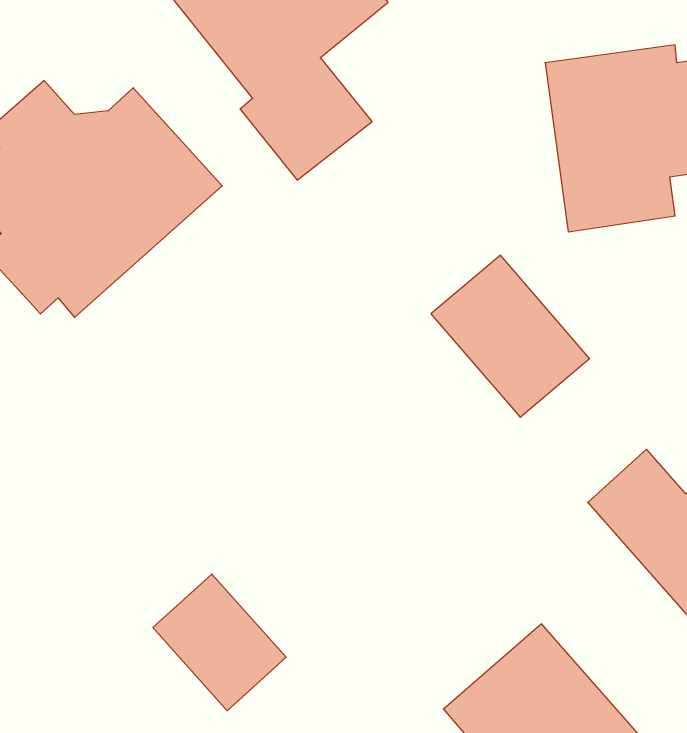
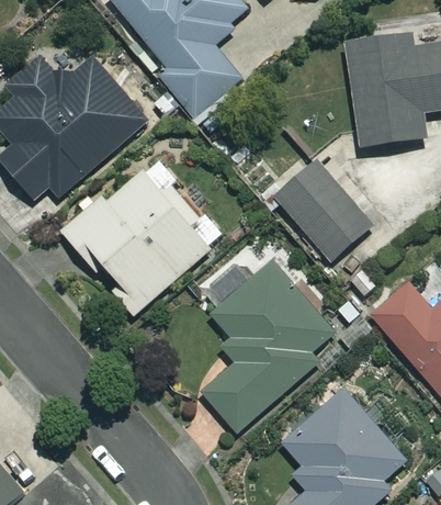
building: none -> [63,160,223,314]
building: none -> [202,261,337,431]
building: [153,574,286,711] -> none

